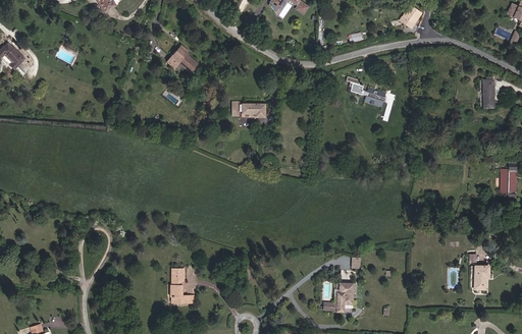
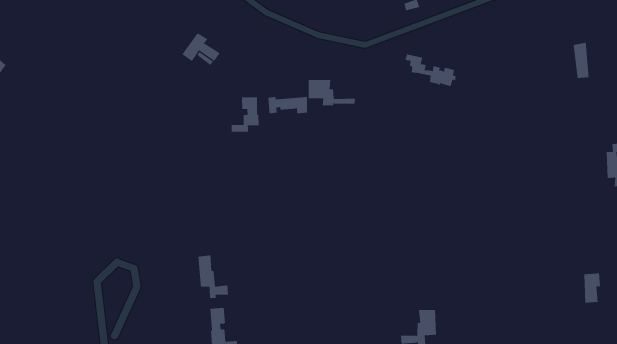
building: none -> [308,79,355,106]
building: none -> [231,97,259,132]
building: none -> [198,255,228,299]

